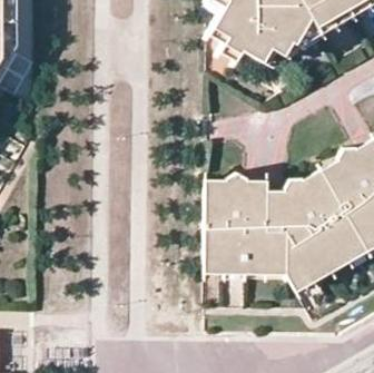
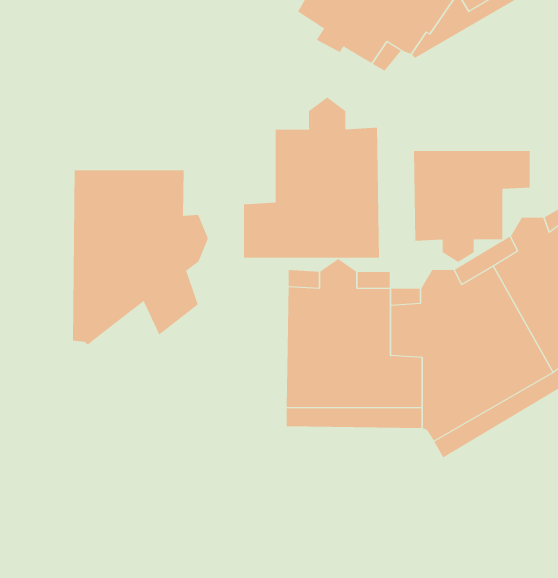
building: none -> [243,96,379,258]
building: none -> [413,150,530,263]
building: none -> [72,169,208,345]

